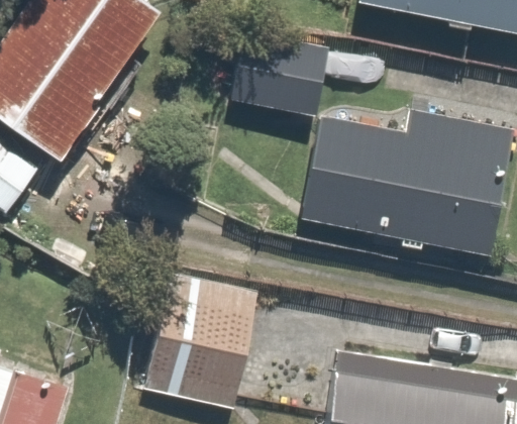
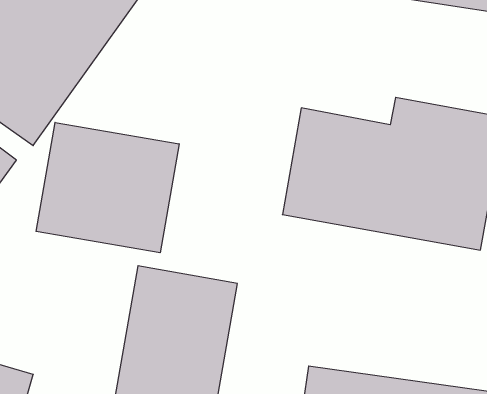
building: [233,32,327,118] -> none
building: none -> [36,122,179,253]

